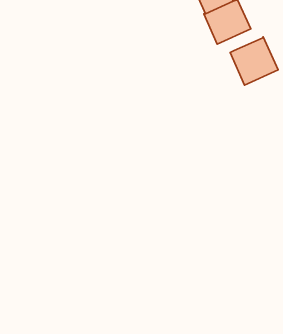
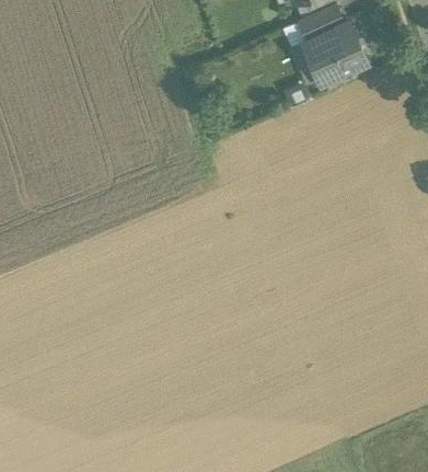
building: [230,37,278,85] -> none

